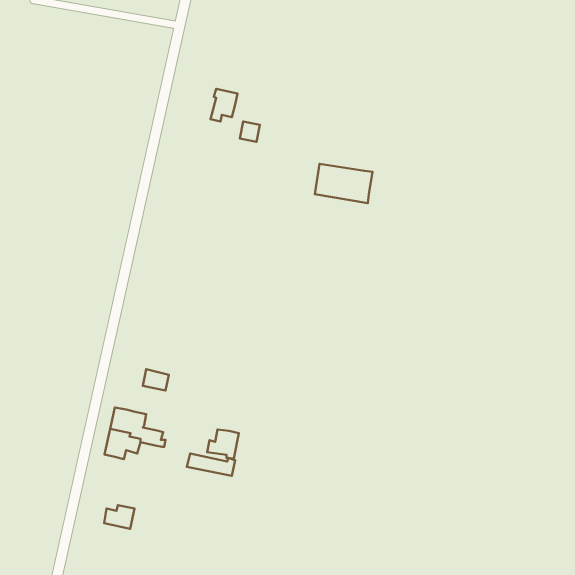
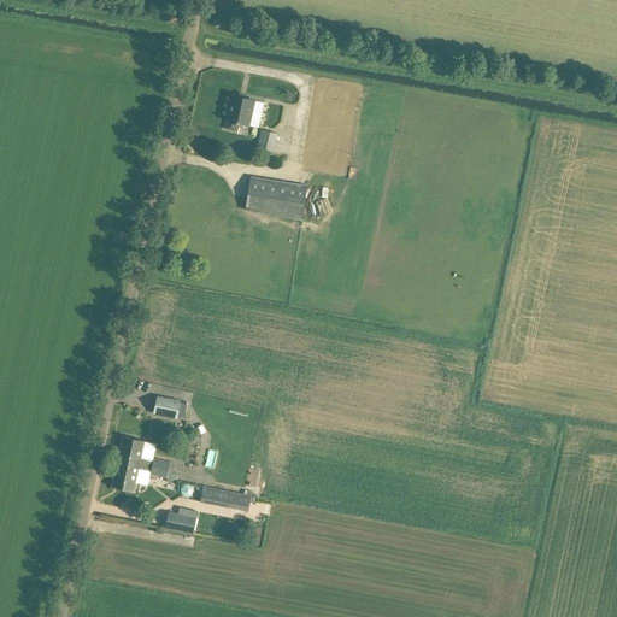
building: [315,164,372,203] -> [246,177,307,219]
building: [207,430,239,459] -> none
building: [104,505,135,529] -> [165,507,198,533]

